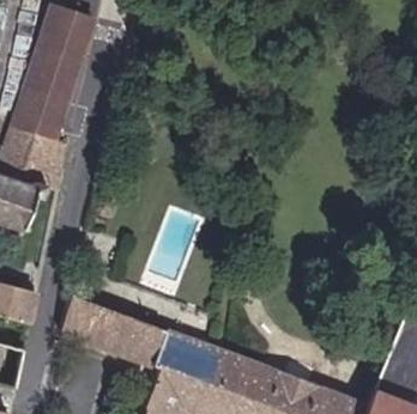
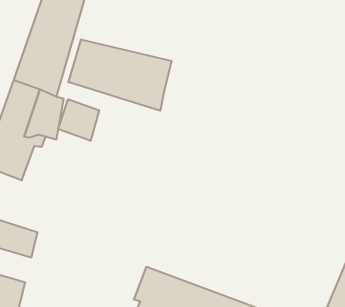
building: none -> [68,39,172,111]
building: none -> [58,99,99,141]
building: [67,302,169,372] -> none

